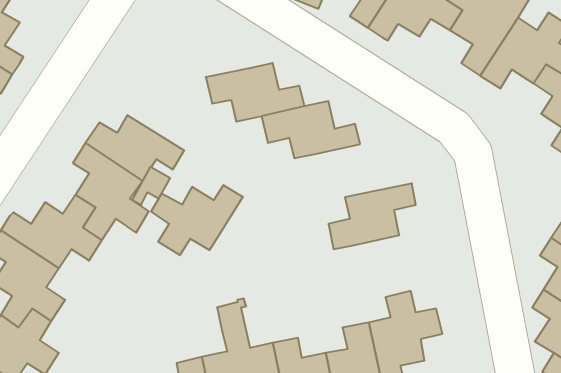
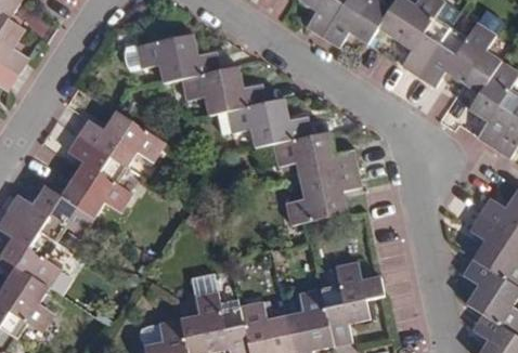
building: none -> [122,34,220,81]
building: none -> [275,131,359,180]
building: [151,185,243,255] -> none

